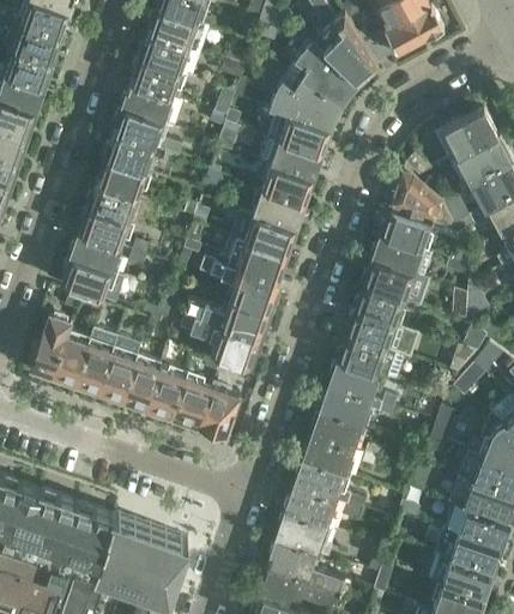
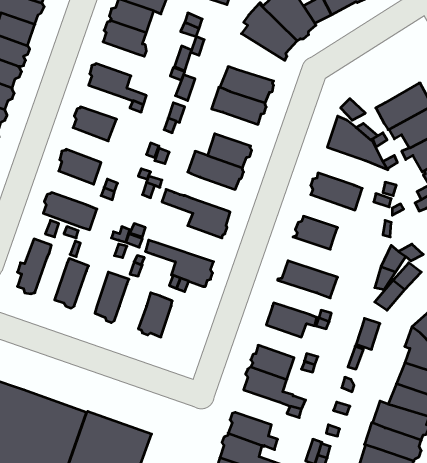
building: [268,74,343,130] -> none
building: [121,84,173,124] -> none
building: [434,107,498,161] -> none
building: [104,134,156,174] -> none
building: [261,165,313,205] -> none
building: [86,183,151,229] -> none
building: [381,209,433,252] -> none
building: [69,234,121,273] -> none
building: [220,235,286,281] -> none
building: [364,261,428,305] -> none
building: [185,297,271,339] -> none
building: [344,311,395,351] -> none
building: [53,329,92,385] -> none
building: [98,344,138,402] -> none
building: [327,361,380,401] -> none
building: [145,366,187,419] -> none
building: [199,385,243,437] -> none
building: [312,413,362,451] -> none
building: [285,488,337,529] -> none

